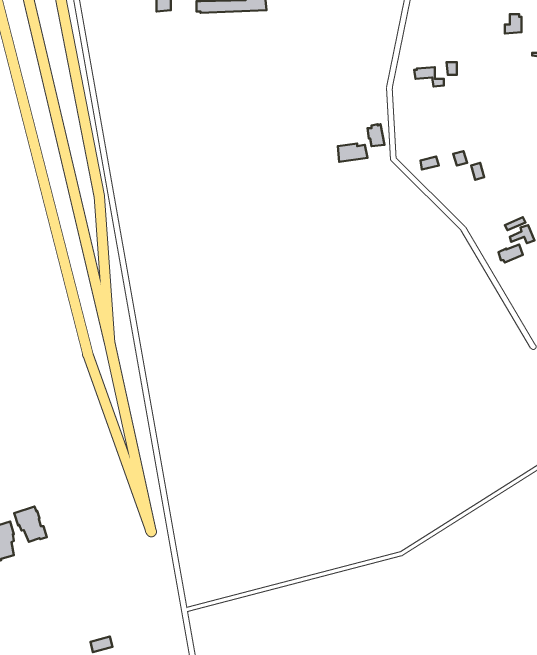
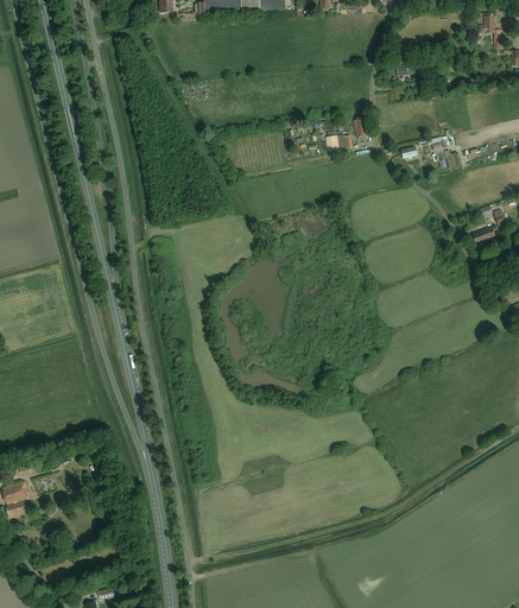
building: [14,507,47,542] -> none

